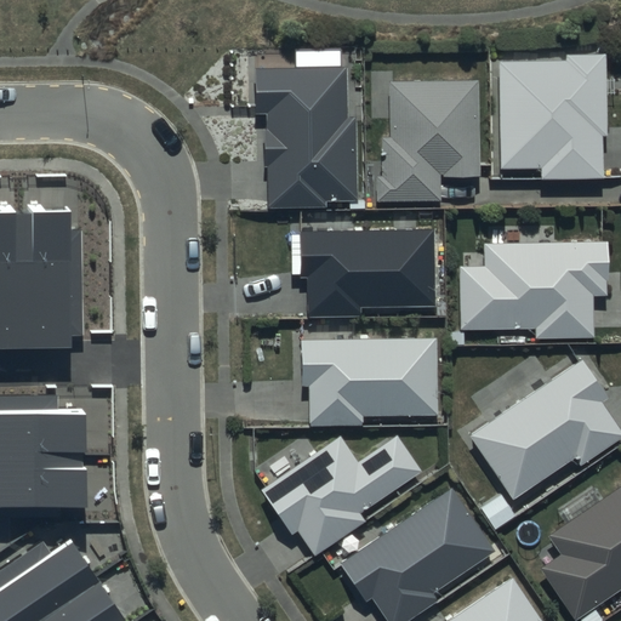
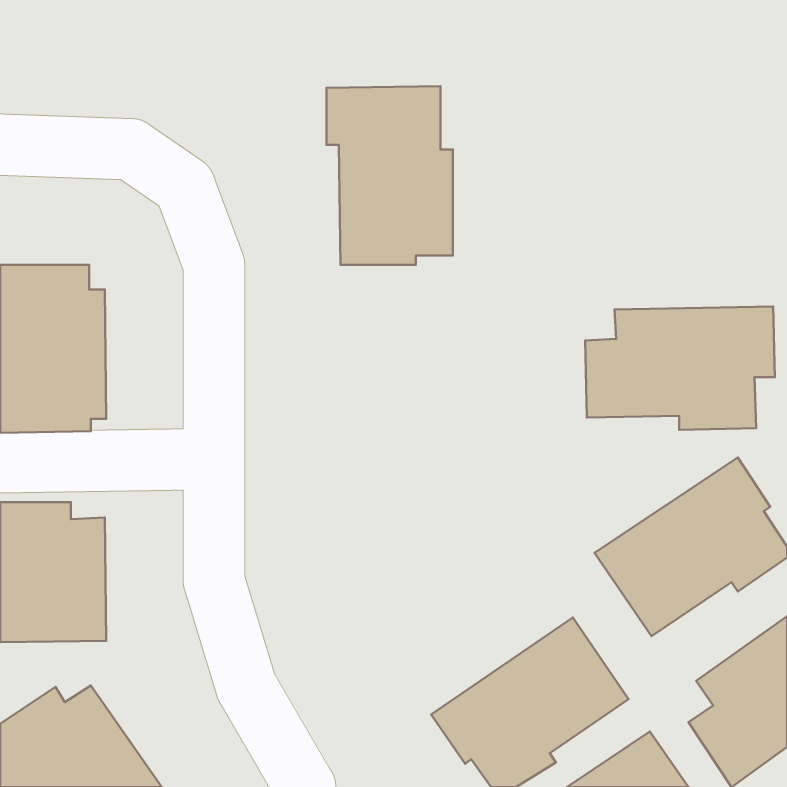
building: [501,52,609,180] -> none
building: [376,81,480,201] -> none
building: [301,230,437,317] -> none
building: [301,340,438,427] -> none
building: [261,434,423,556] -> none

